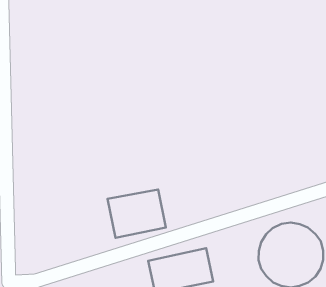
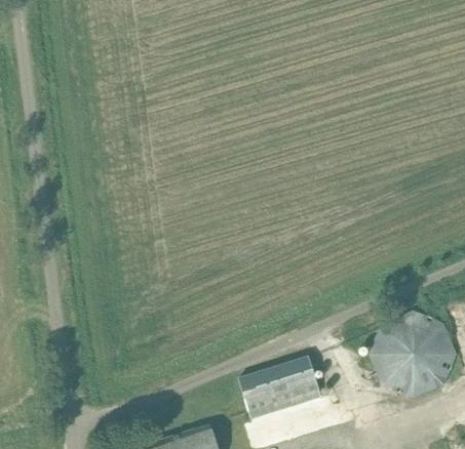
building: [108,190,166,238] -> none

